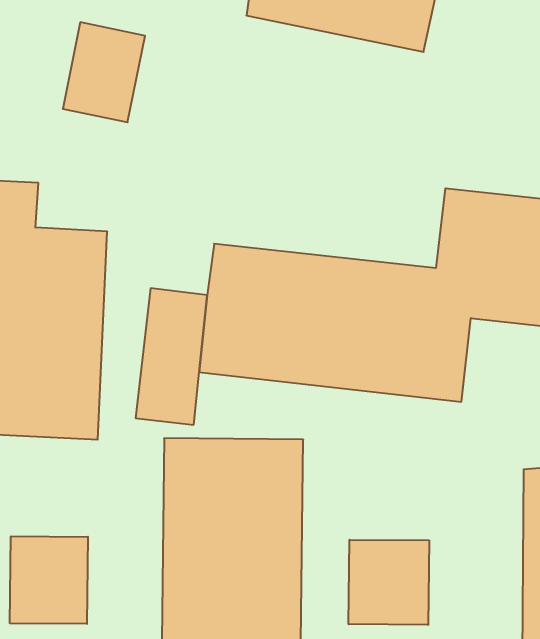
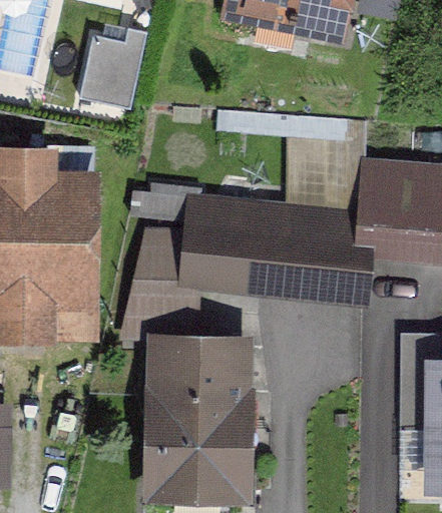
building: [10,536,88,624] -> none
building: [349,540,429,625] -> none

